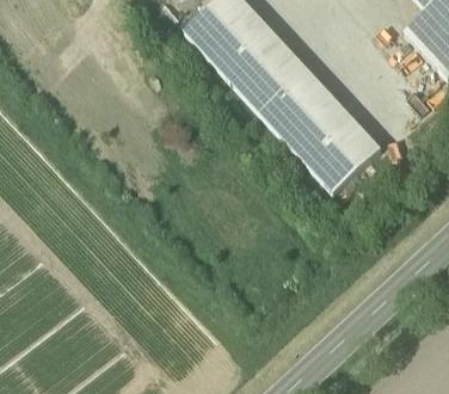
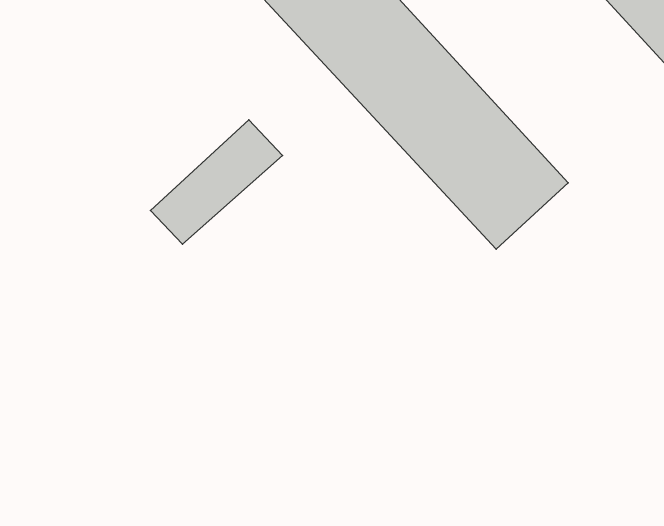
building: none -> [151,120,283,244]

